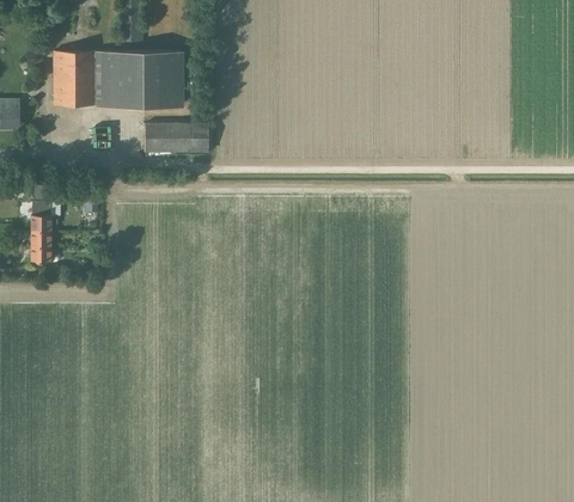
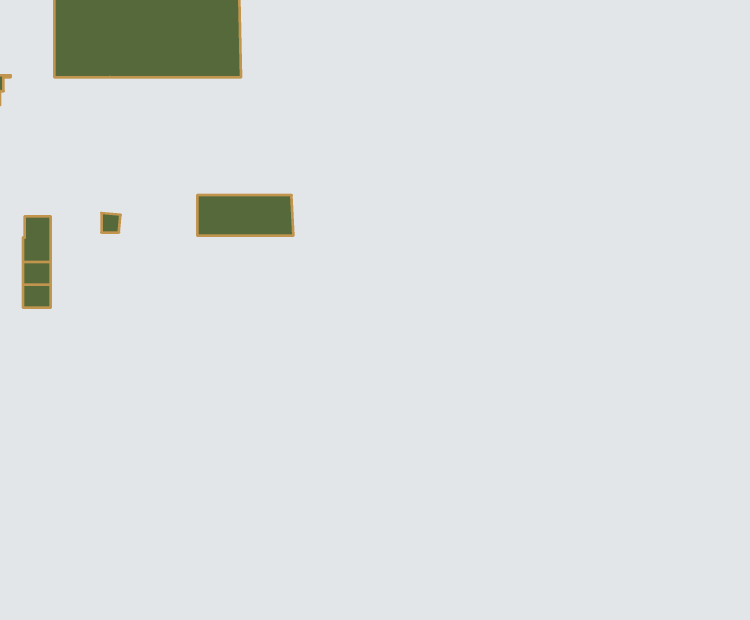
building: [144,122,209,149] -> [197,195,293,235]

